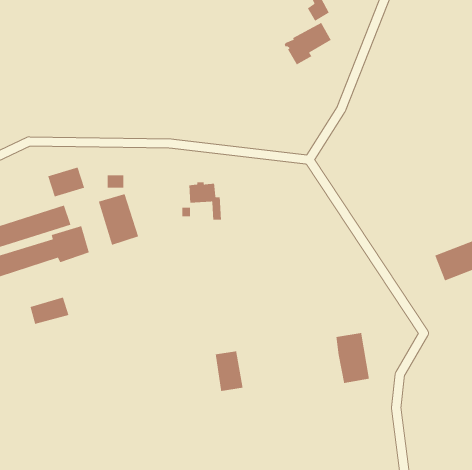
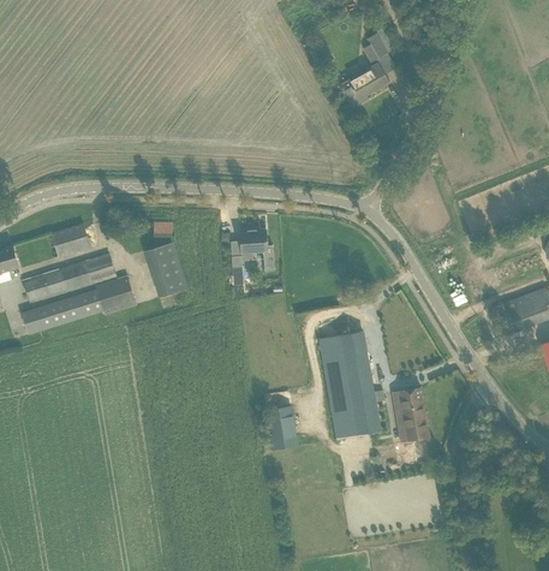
building: [47,167,85,198] -> [50,222,90,255]
building: none -> [315,313,380,438]
building: [29,296,69,325] -> none

